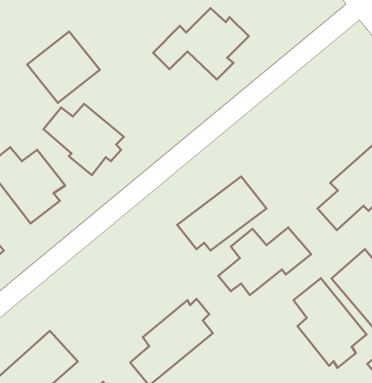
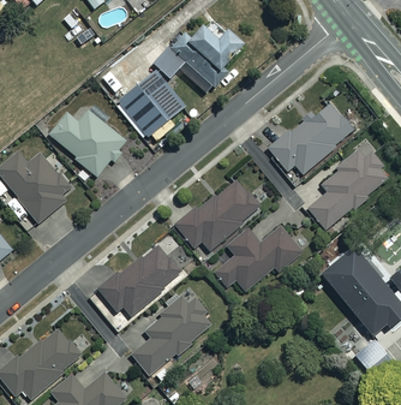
building: [27,31,100,103] -> [115,71,184,138]
building: none -> [270,103,351,174]
building: none -> [100,243,180,317]
building: [294,278,366,368] -> none

